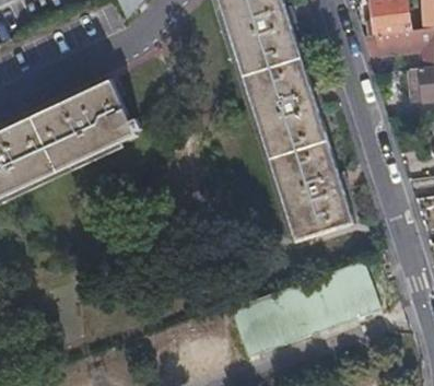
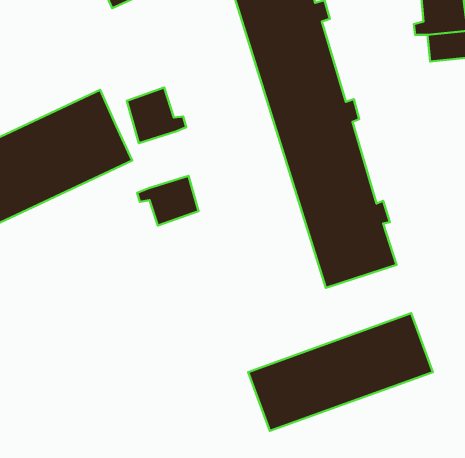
building: none -> [127,88,186,143]
building: none -> [137,176,199,225]

